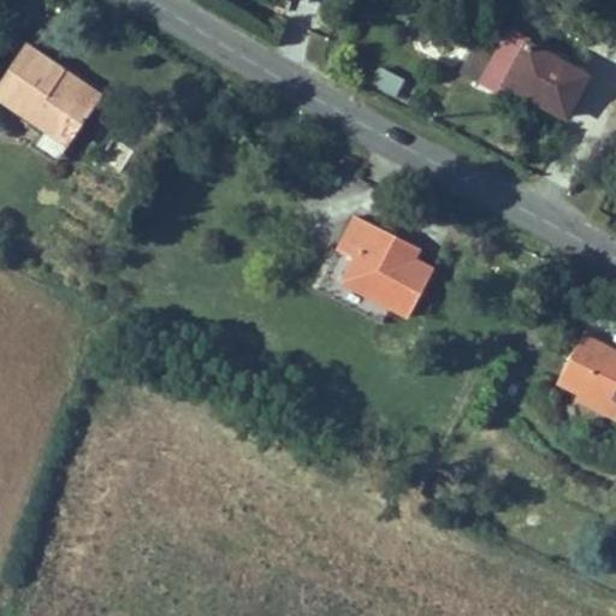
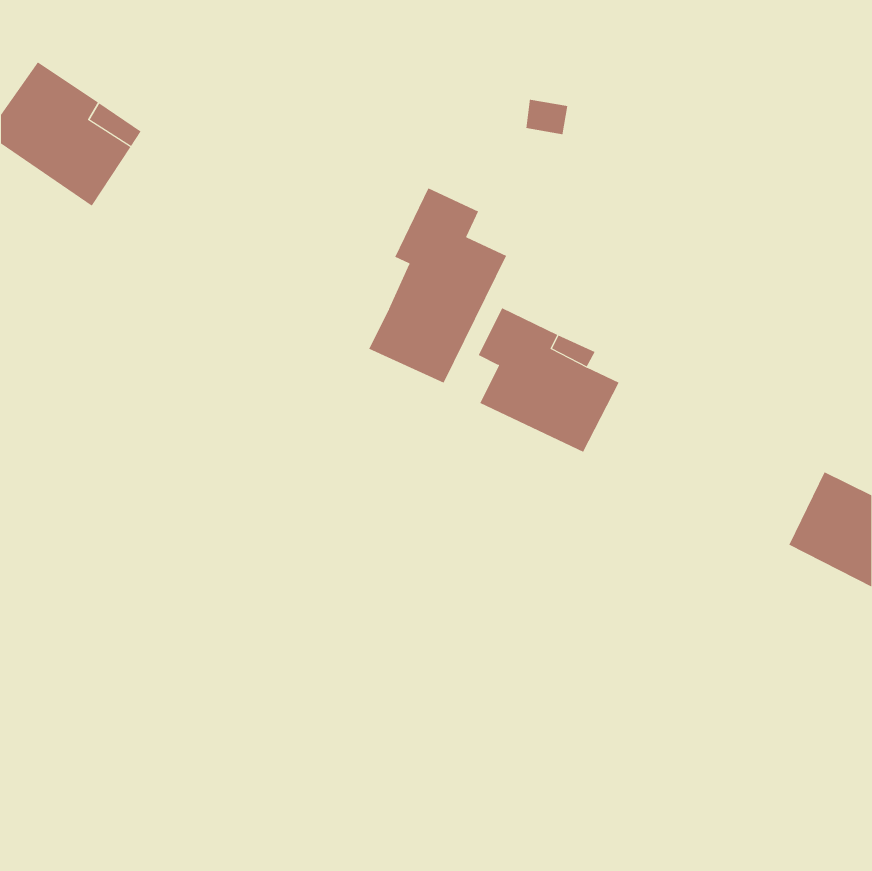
building: [476,25,591,120] -> none
building: none -> [369,187,507,383]

